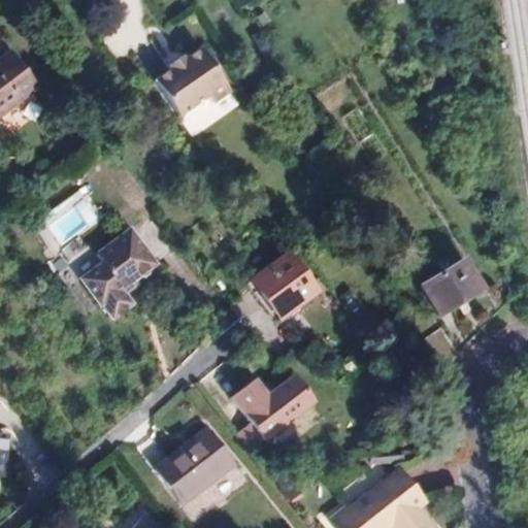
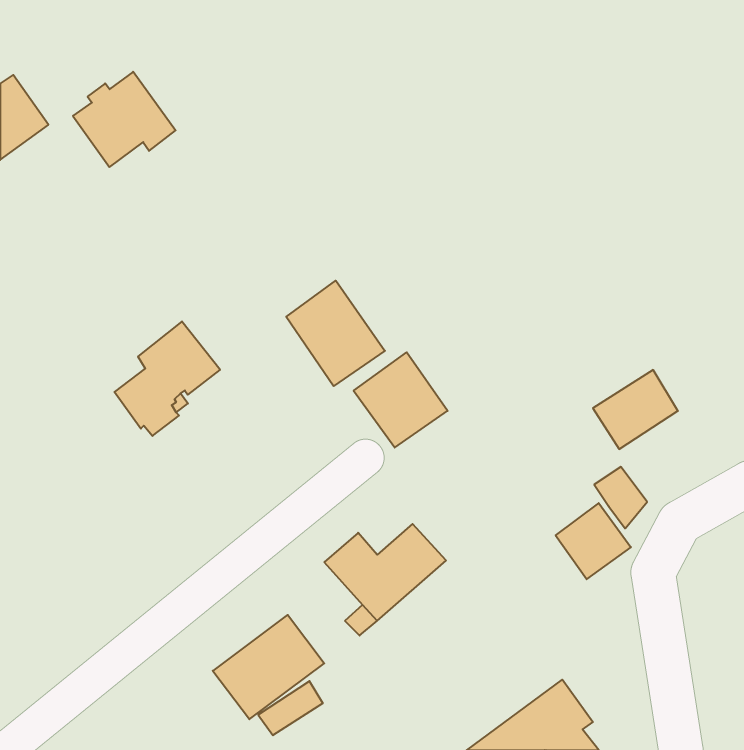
building: [161,48,233,116] -> [73,72,176,167]
building: none -> [286,281,385,386]
building: none -> [556,503,631,579]

